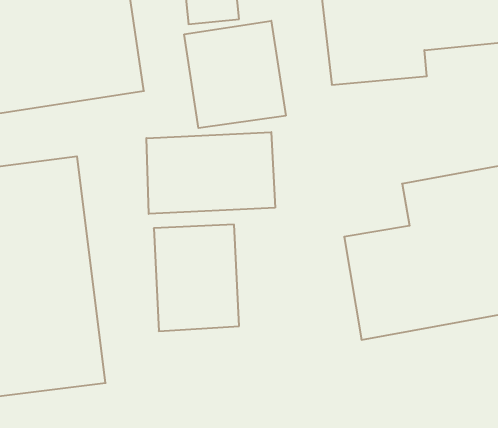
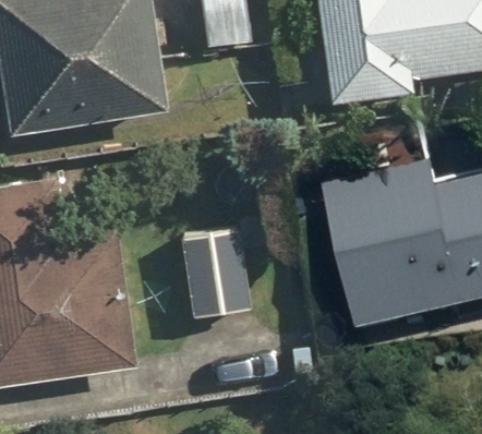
building: [184,21,286,128] -> none
building: [146,132,275,214] -> none

